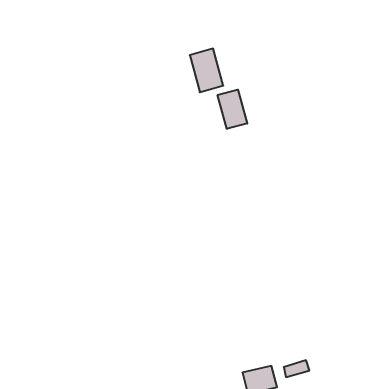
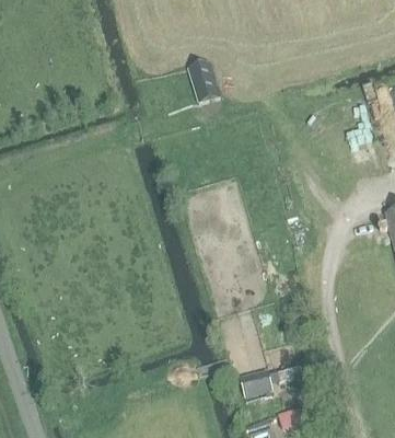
building: [218,90,247,129] -> none

